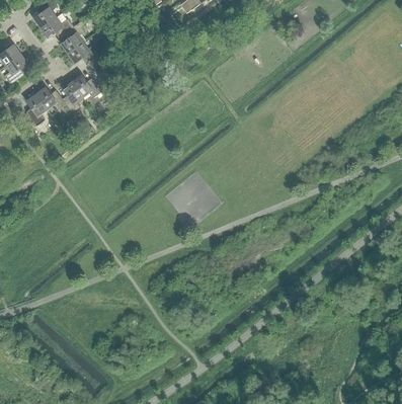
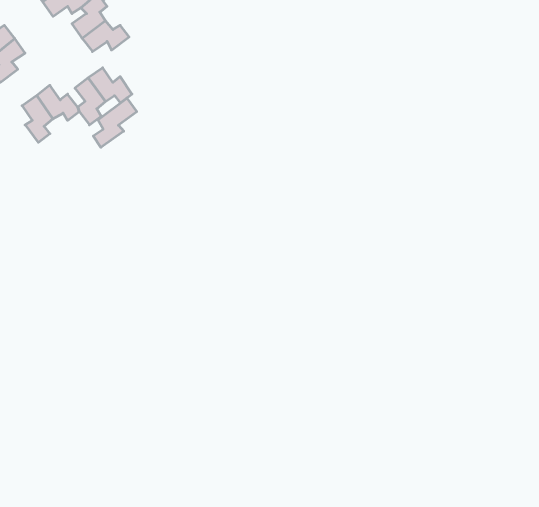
building: none -> [93,98,137,147]

